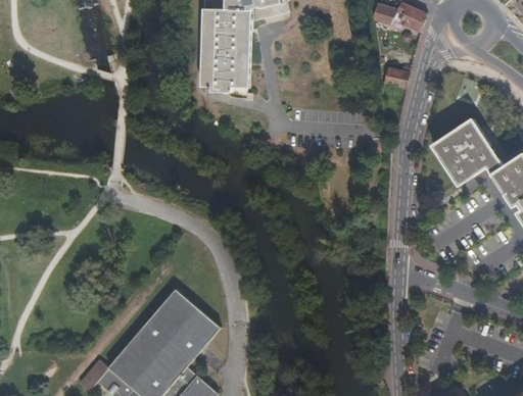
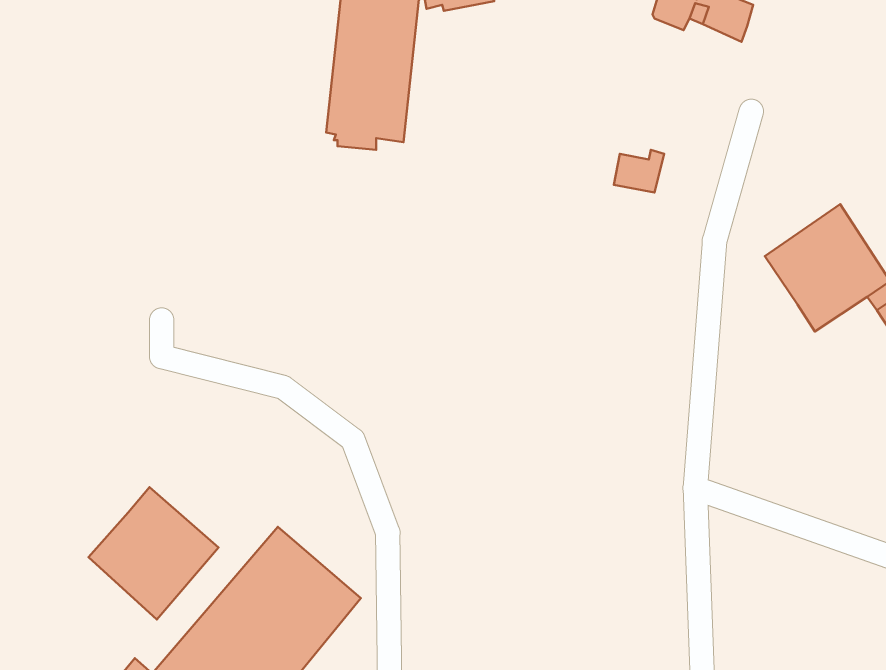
building: [383,67,410,90] -> [614,150,664,192]
building: none -> [88,487,218,619]

